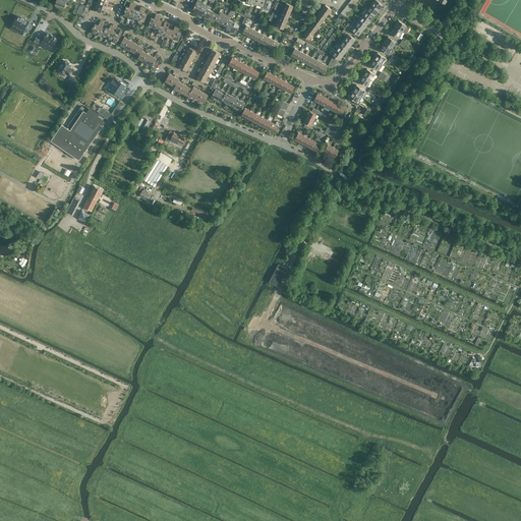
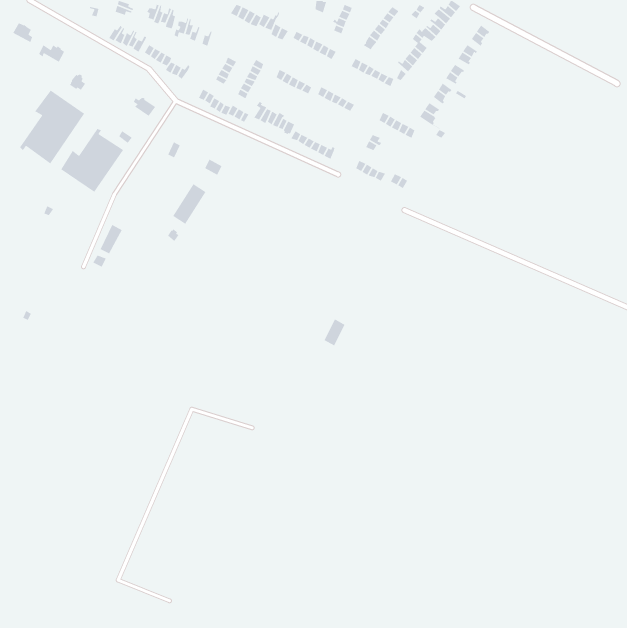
building: none -> [19,89,85,164]

